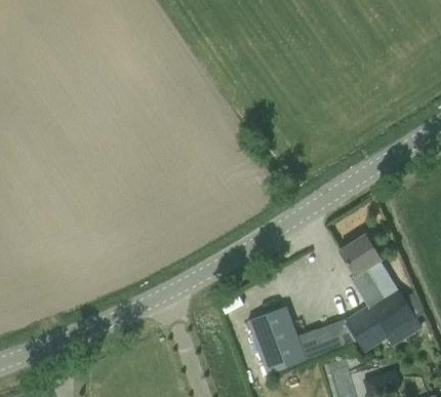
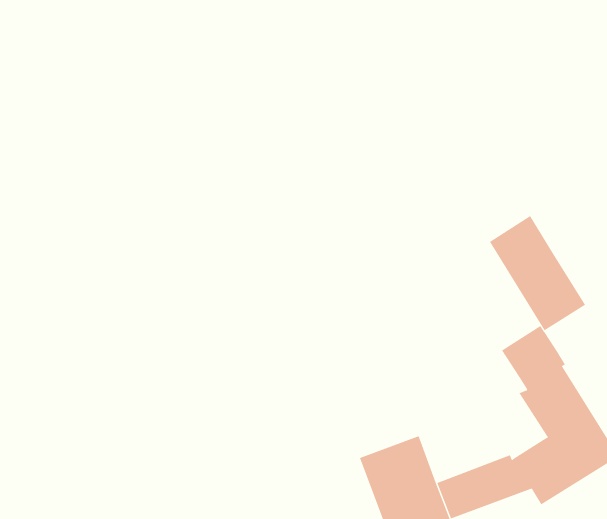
building: none -> [489,215,586,331]

